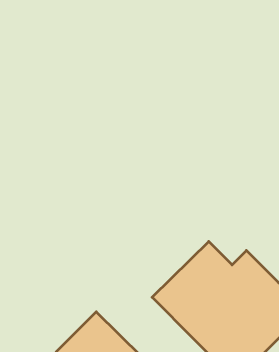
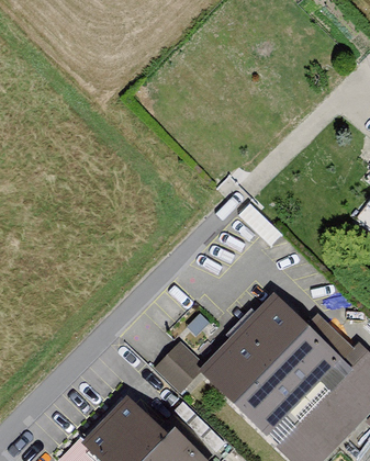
building: none -> [154,339,205,391]

